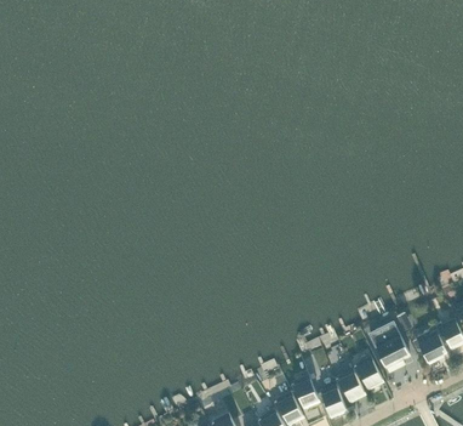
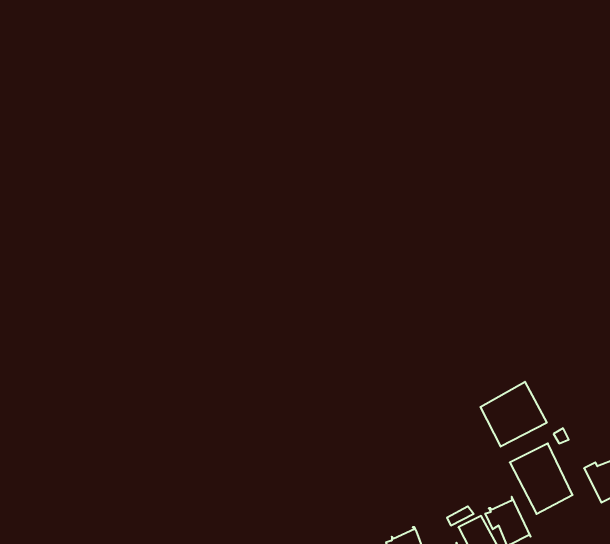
building: none -> [480,382,547,447]

